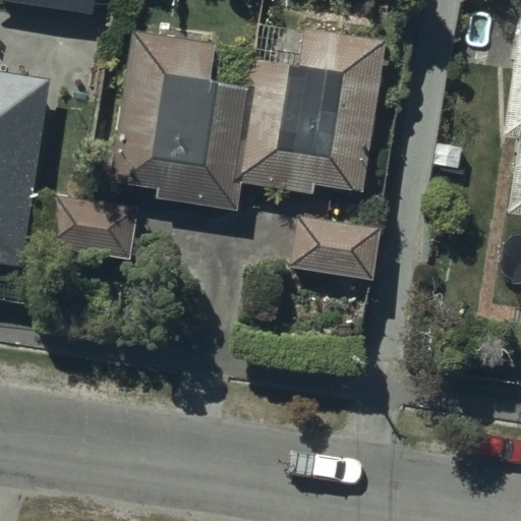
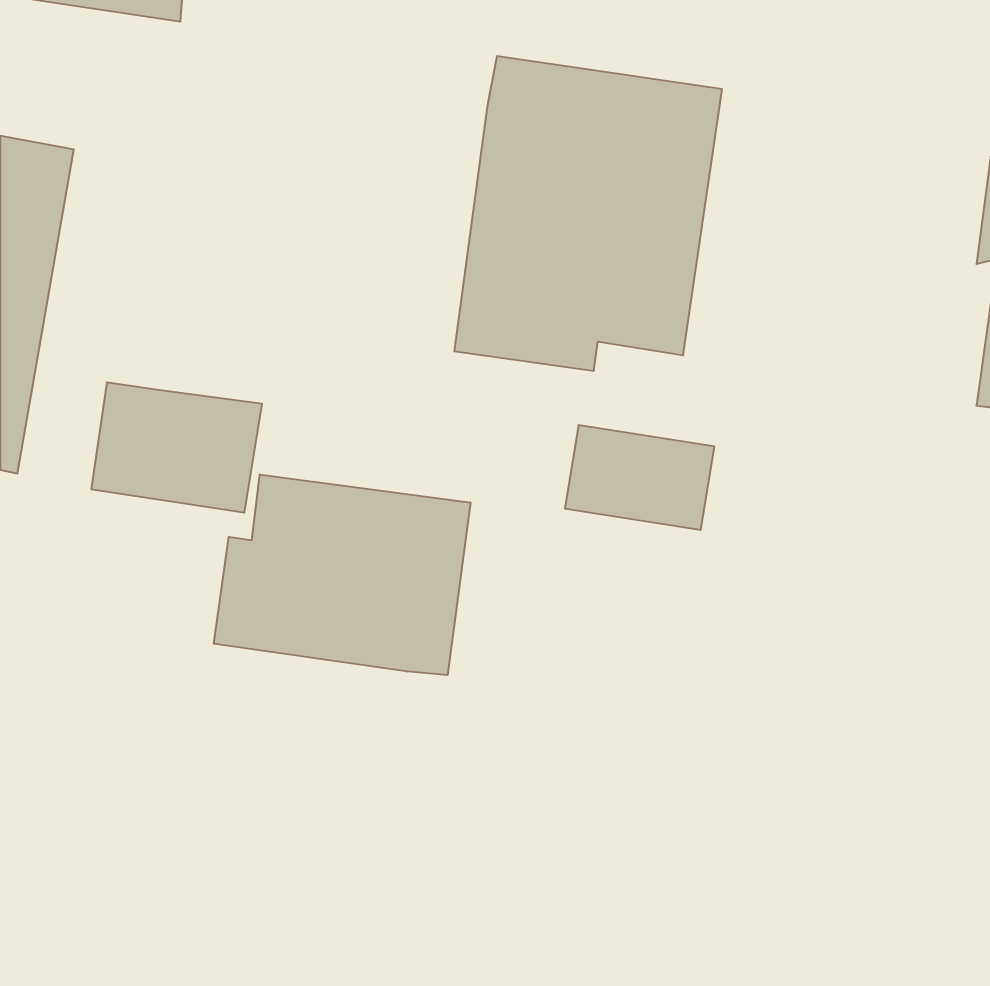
building: [123,41,256,209] -> none
building: none -> [214,474,470,675]

